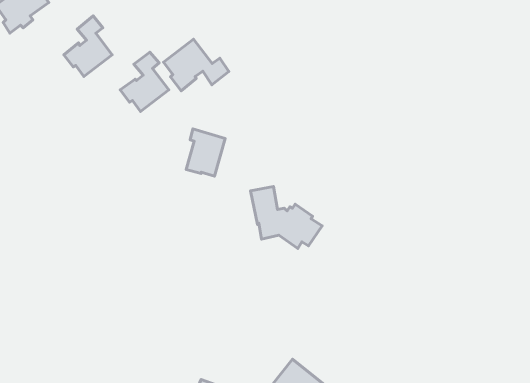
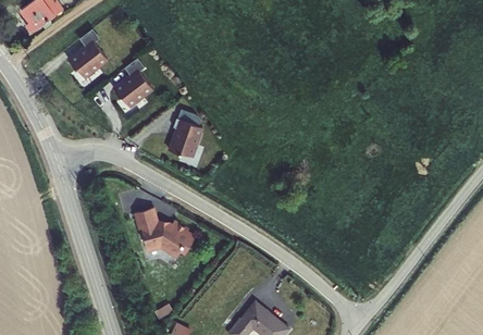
building: [163,39,229,91] -> none
building: [251,187,322,249] -> [138,218,196,268]

